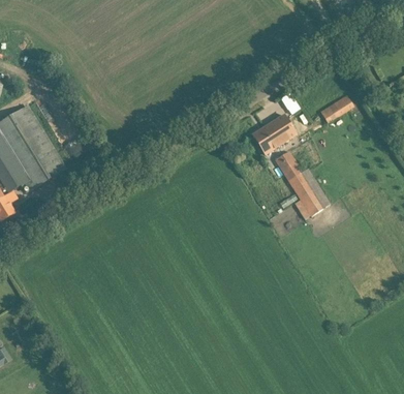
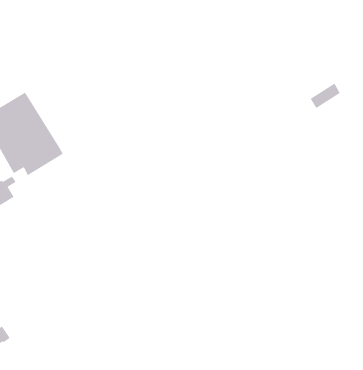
building: [252,115,296,154] -> none
building: [275,151,330,219] -> none

